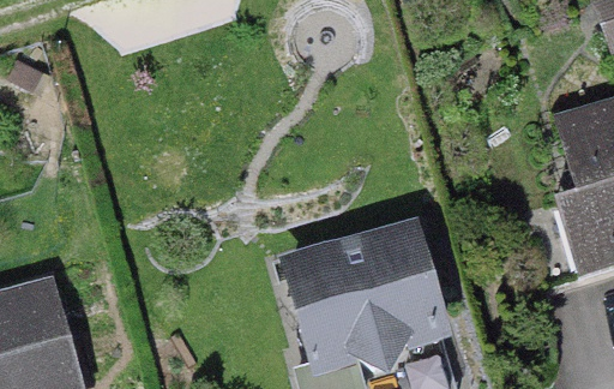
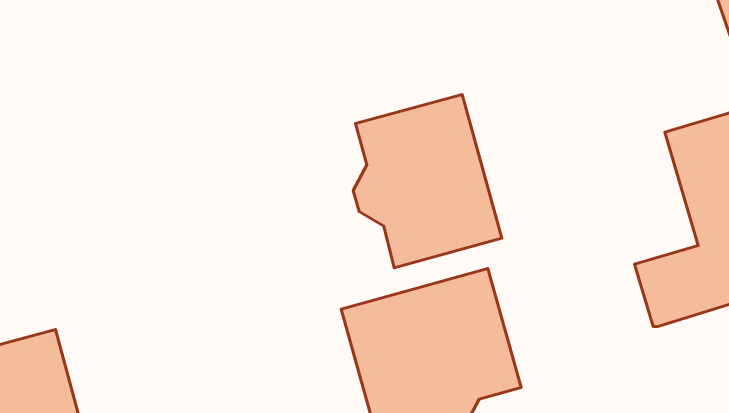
building: none -> [353,94,502,268]

